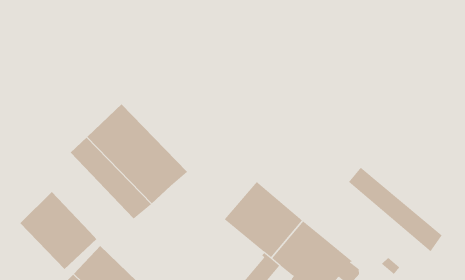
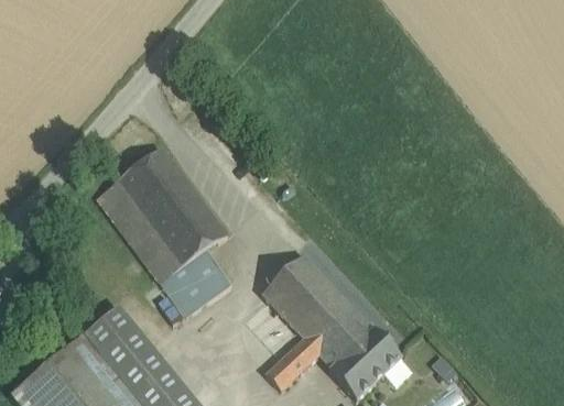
building: [348,167,442,252] -> none
building: none -> [160,248,230,316]
building: [19,191,97,270] -> none

